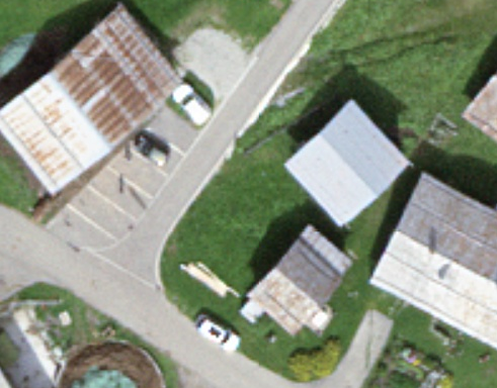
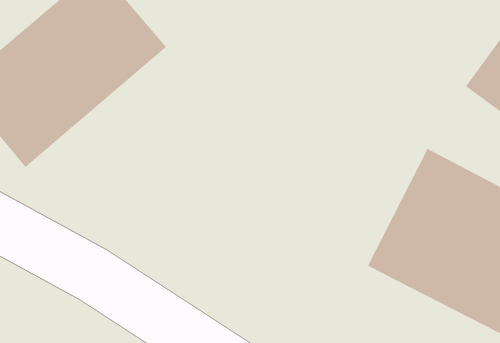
building: [282,102,408,226] -> none
building: [240,223,356,334] -> none

